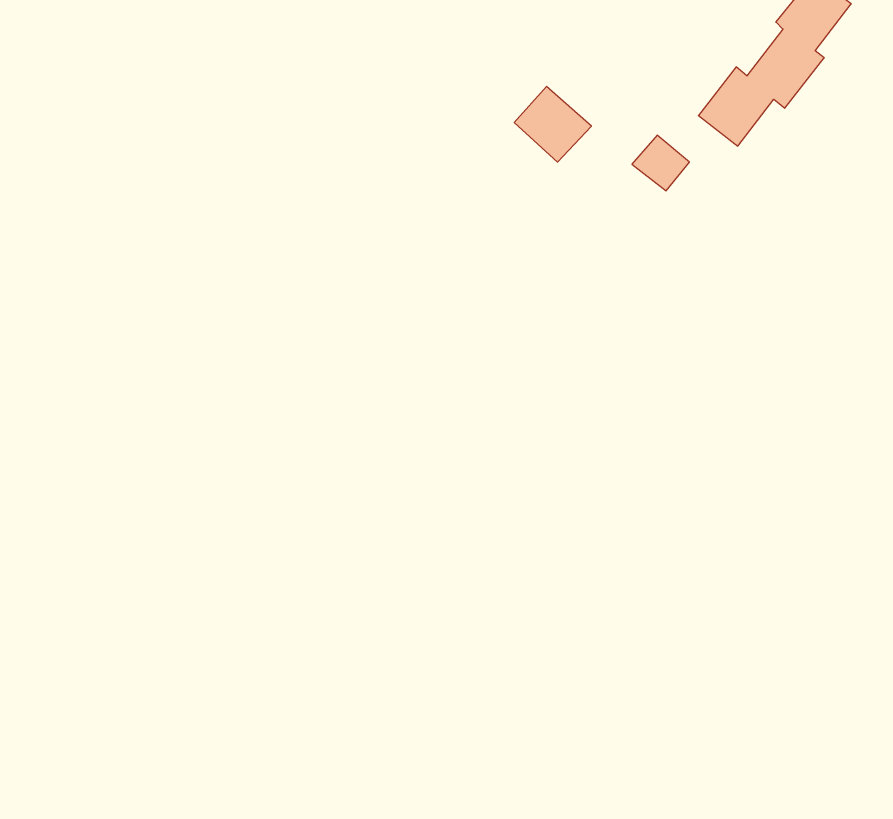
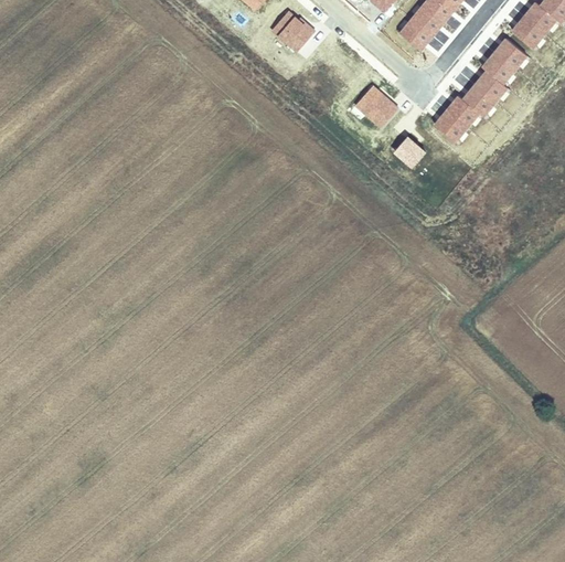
building: [514,86,591,162] -> [353,85,401,131]

